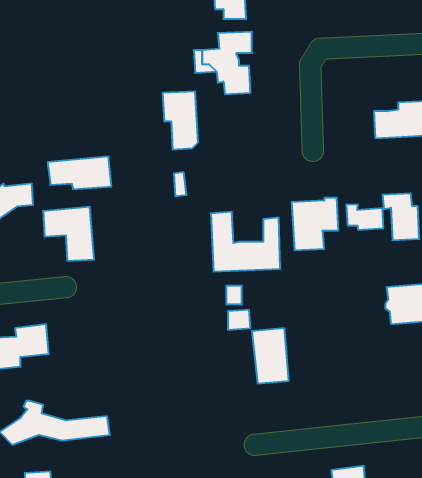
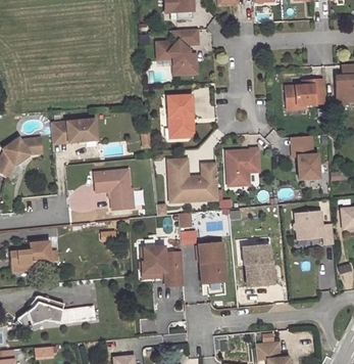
building: [163,91,198,150] -> [168,95,194,137]
building: [347,204,383,230] -> none
building: [43,207,94,261] -> [95,170,132,209]
building: none -> [242,244,270,286]
building: none -> [142,245,184,285]

